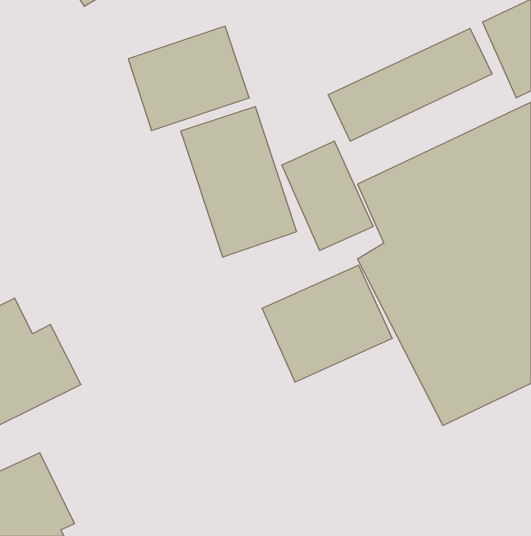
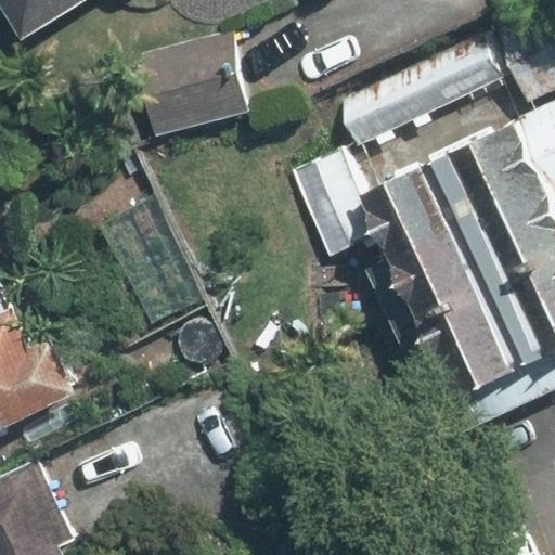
building: [181,107,296,257] -> none
building: [262,265,392,382] -> none

